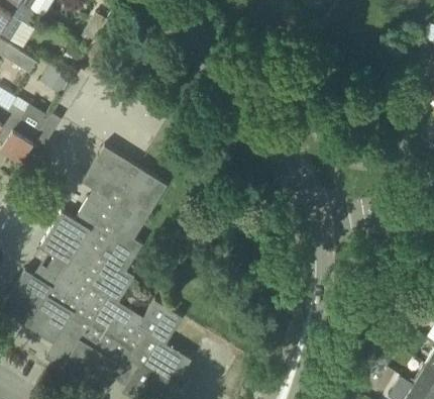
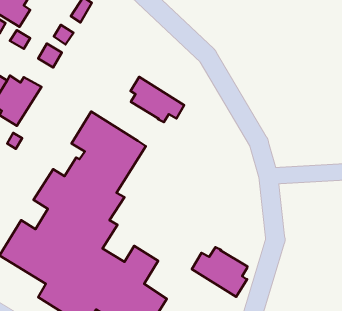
building: none -> [130,77,184,122]
building: none -> [192,247,248,297]

